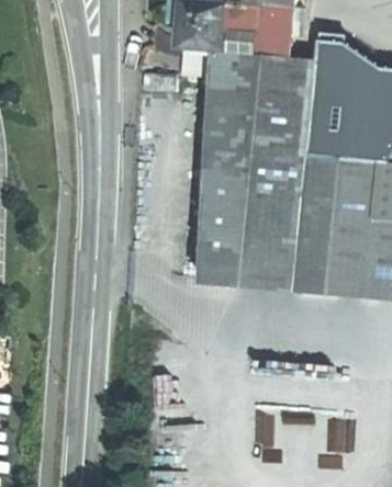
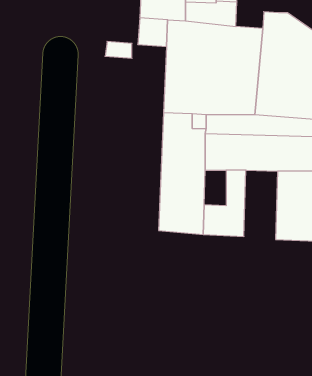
building: [251,217,276,257] -> none
building: [295,217,333,294] -> none

